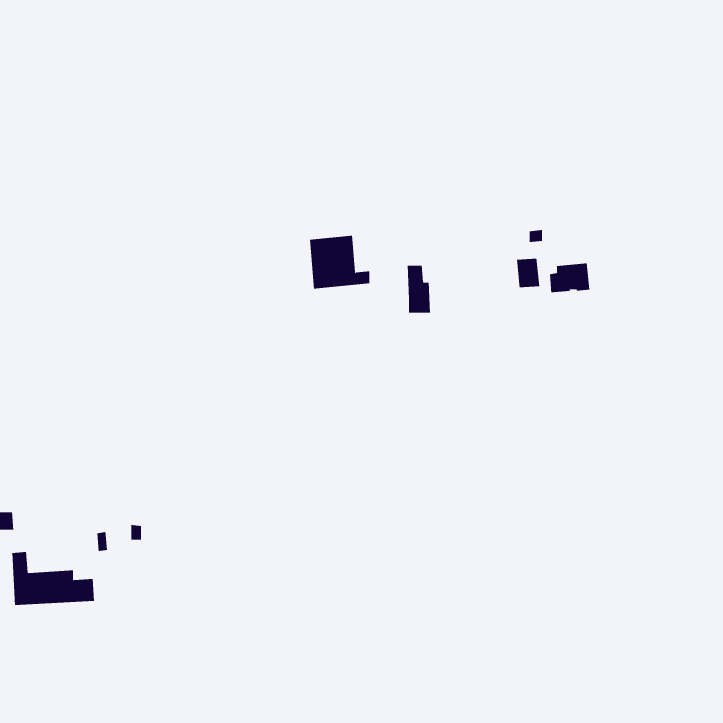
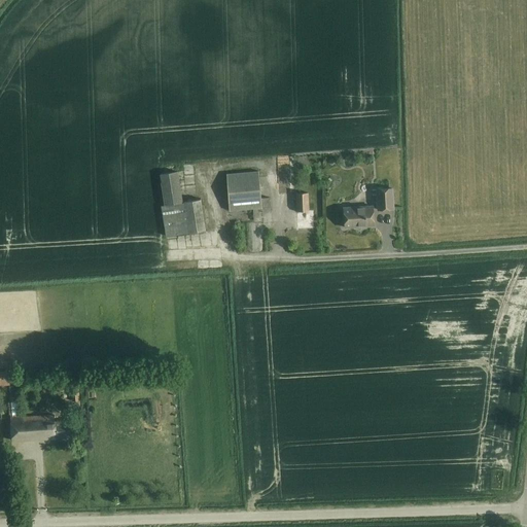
building: none -> [159,171,204,236]
building: [549,263,590,293] -> [343,205,373,226]

